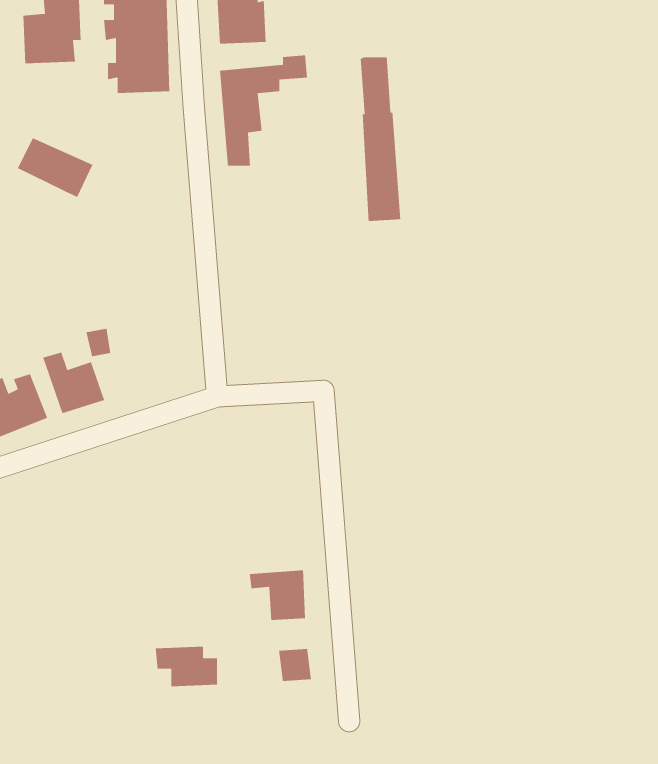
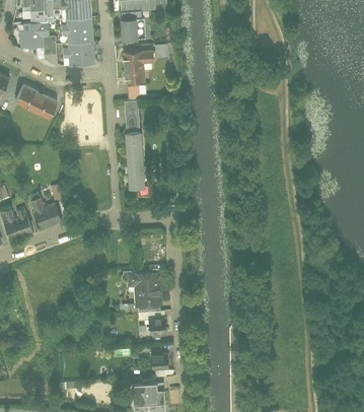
building: [360,57,401,222] -> [124,100,145,186]
building: none -> [129,269,160,303]
building: [155,646,218,687] -> [131,382,163,403]

